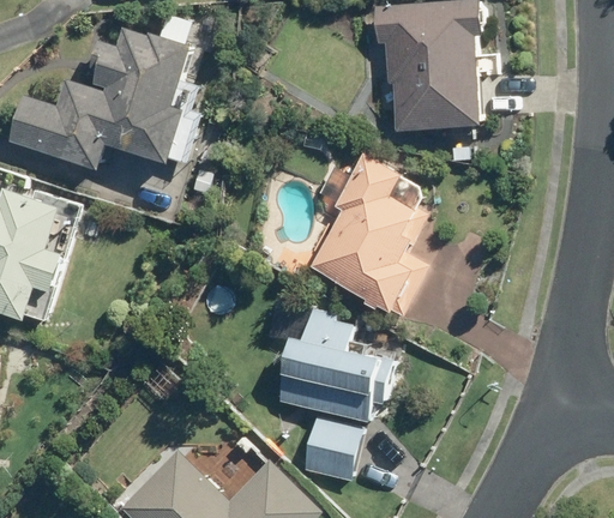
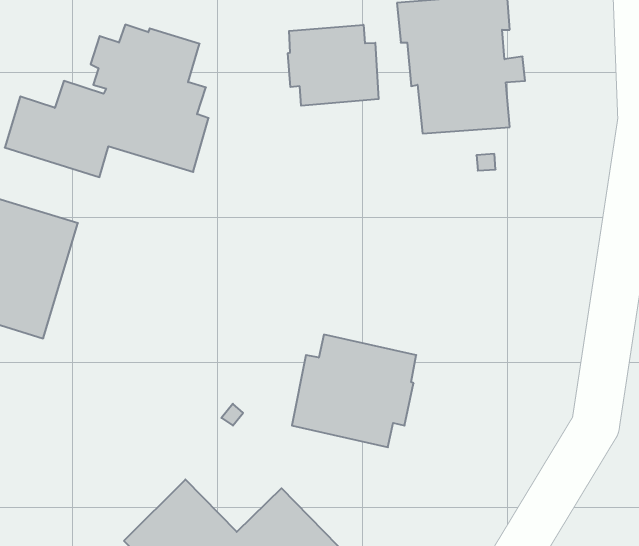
building: none -> [288,25,379,106]
building: [307,151,428,319] -> none
building: [301,420,359,481] -> none

